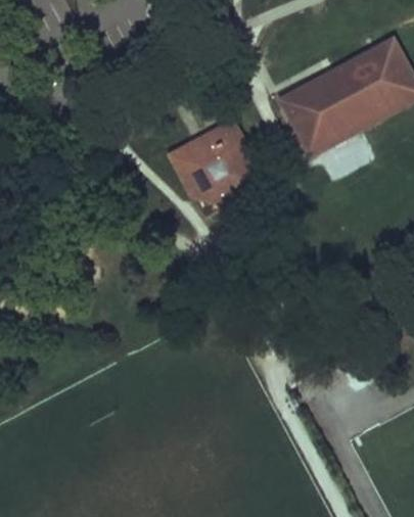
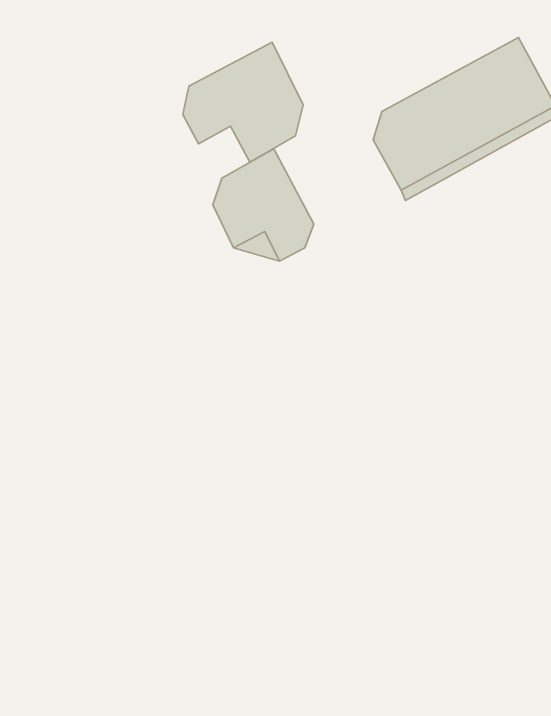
building: none -> [183,42,303,162]

